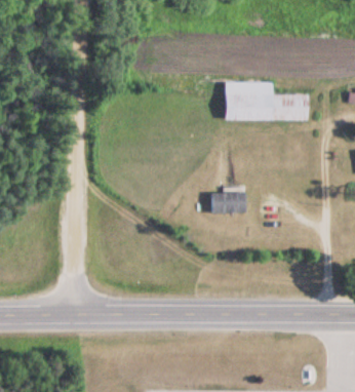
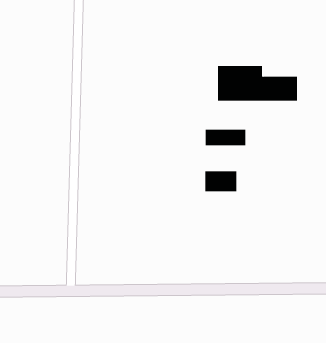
building: none -> [205,129,246,146]

